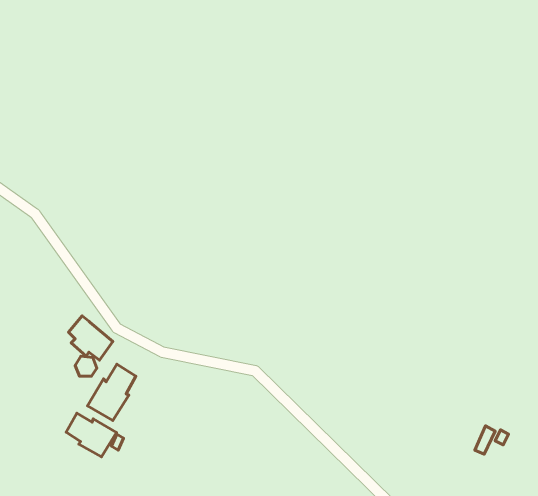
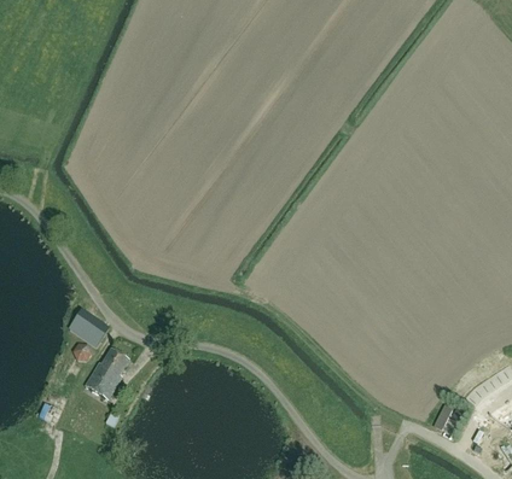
building: [66,413,116,457] -> none

